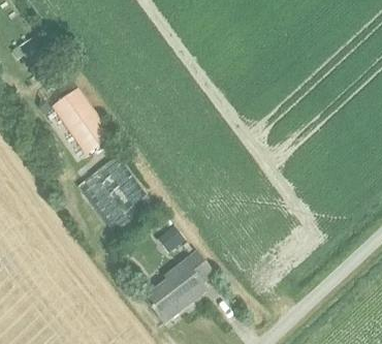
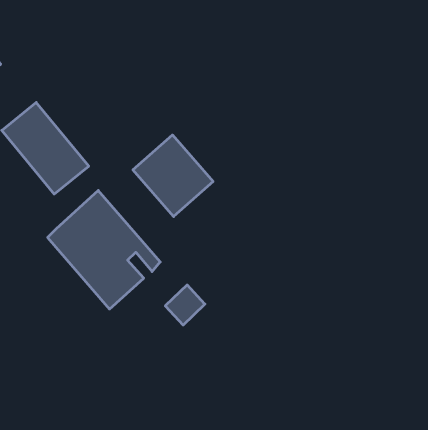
building: none -> [133,135,213,217]
building: [147,253,212,321] -> none

